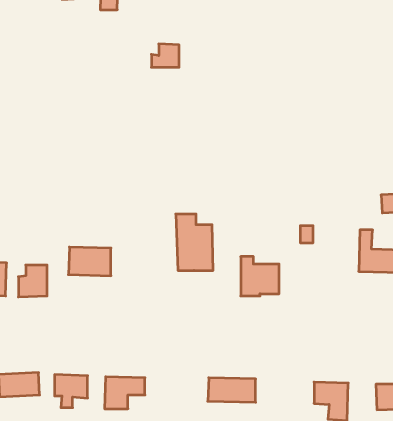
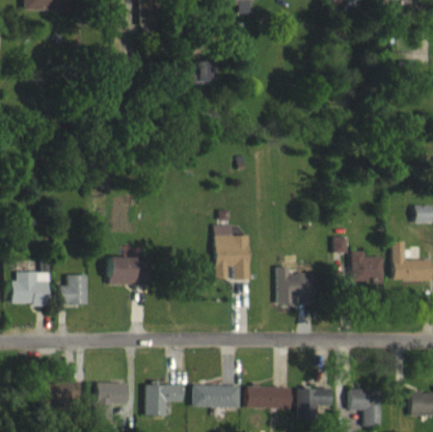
building: none -> [351,251,385,284]
building: none -> [191,385,241,408]
building: none -> [296,388,333,419]

